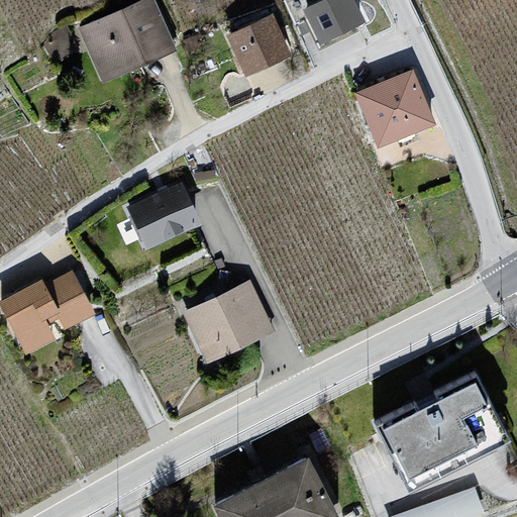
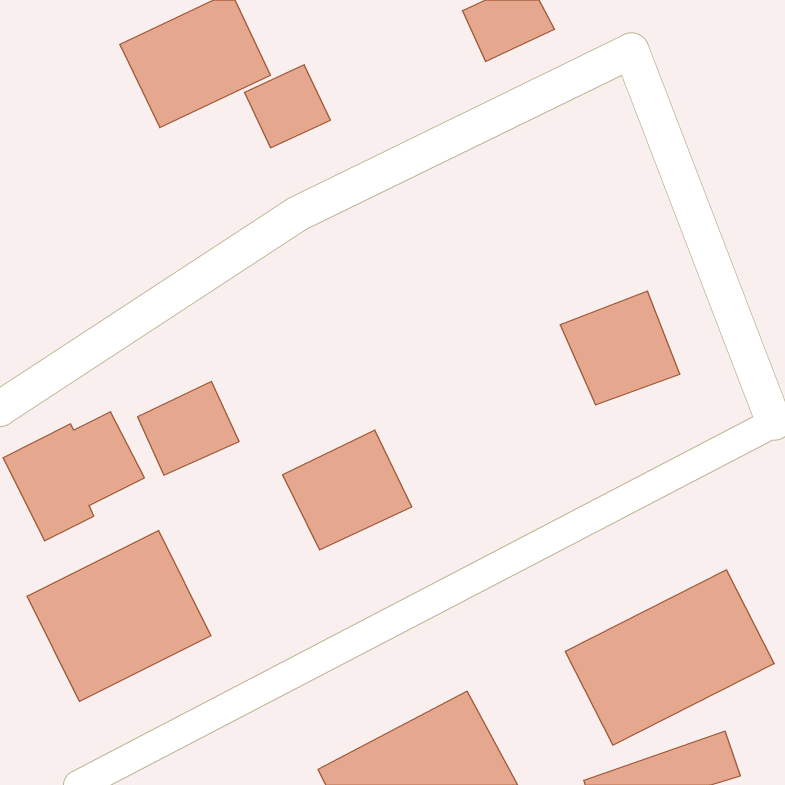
building: [230,17,287,72] -> [244,65,330,148]
building: [343,74,422,148] -> [560,291,680,405]
building: [130,184,197,245] -> [138,381,239,475]
building: none -> [27,530,211,701]

